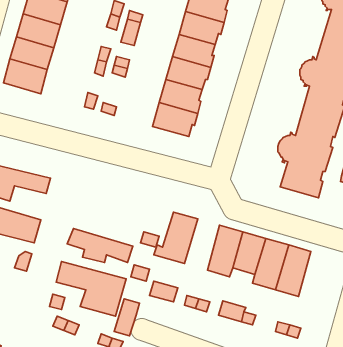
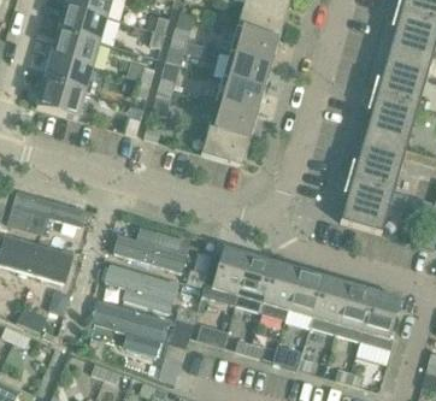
building: none -> [112,231,185,272]
building: none -> [235,255,273,312]
building: none -> [360,291,400,349]

